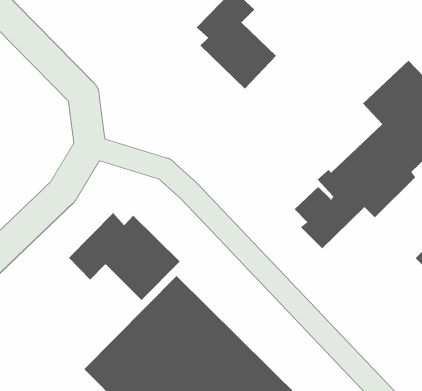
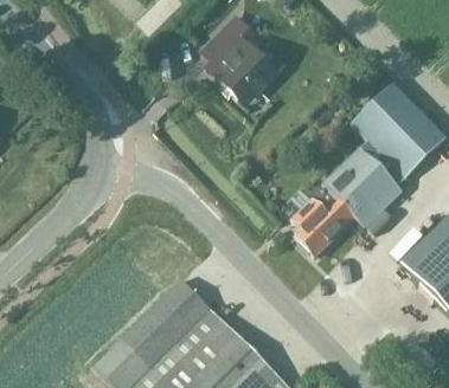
building: [68,212,181,301] -> none

